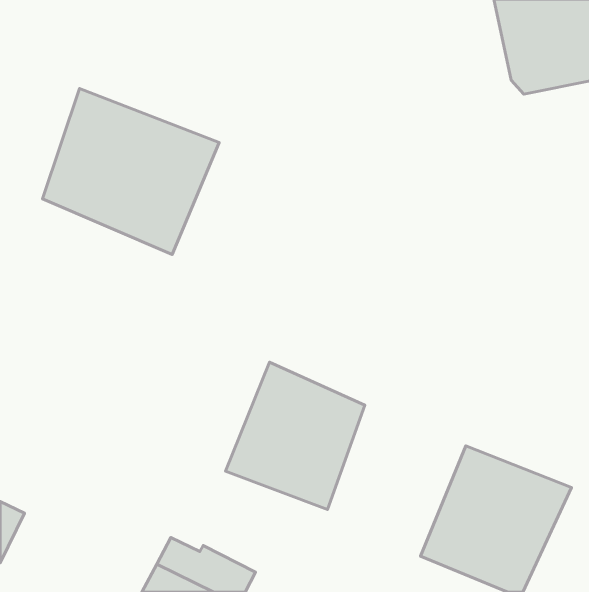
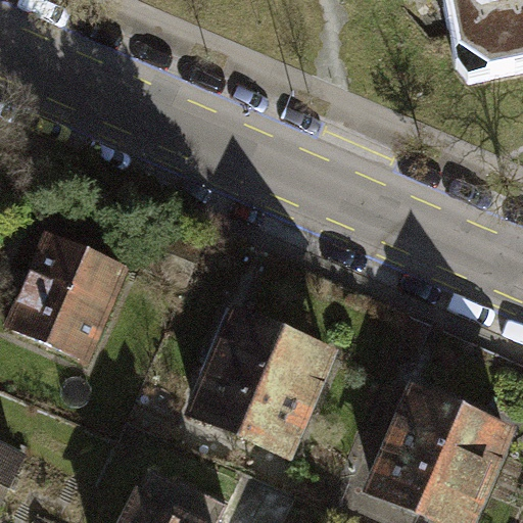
building: [43,89,219,254] -> none
building: none -> [10,238,133,361]

